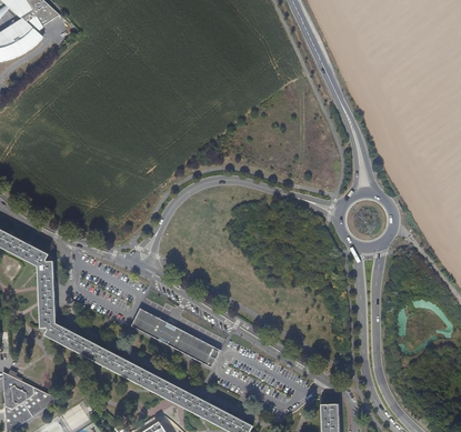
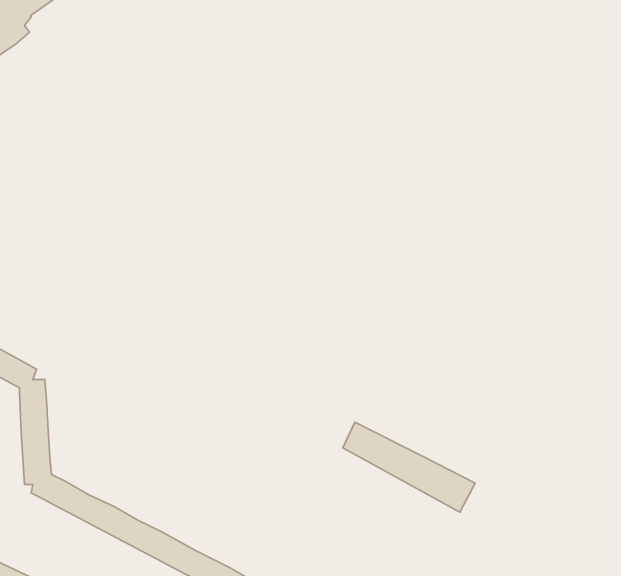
building: [131,308,218,366] -> [343,422,475,512]

